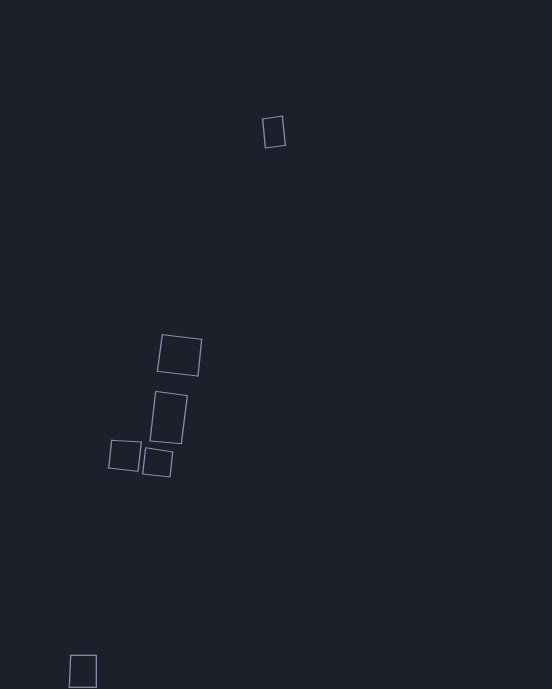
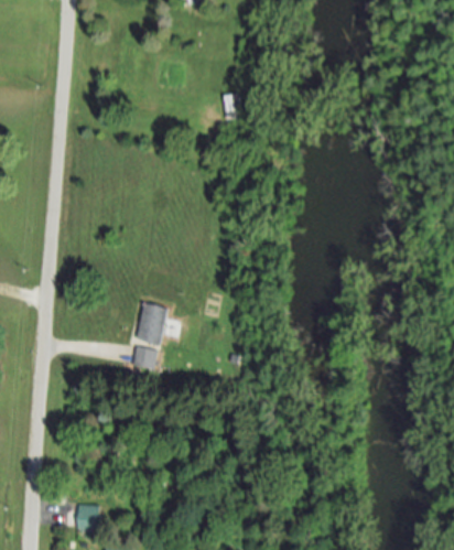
building: [158,335,202,376] -> none
building: [109,440,141,471] -> none

